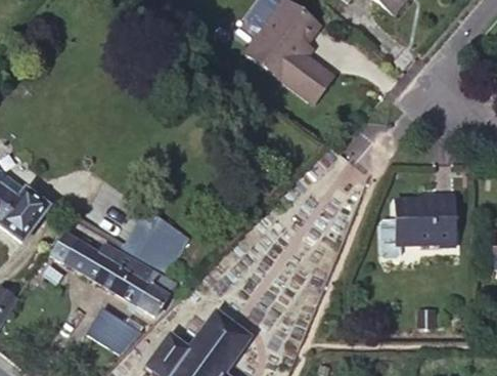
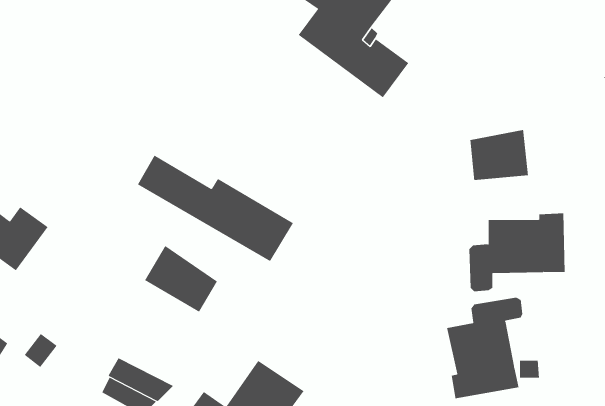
building: none -> [470,129,528,181]
building: [51,228,175,314] -> [137,155,294,262]
building: none -> [446,297,523,399]

